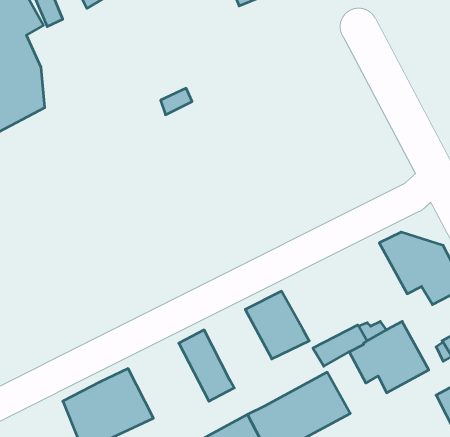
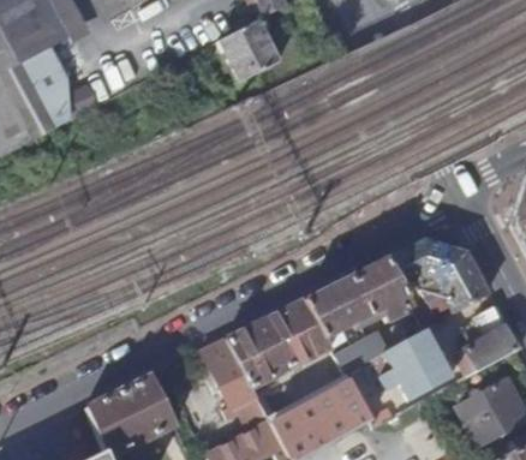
building: none -> [217,17,279,79]
building: none -> [305,258,407,336]
building: none -> [228,316,295,386]

